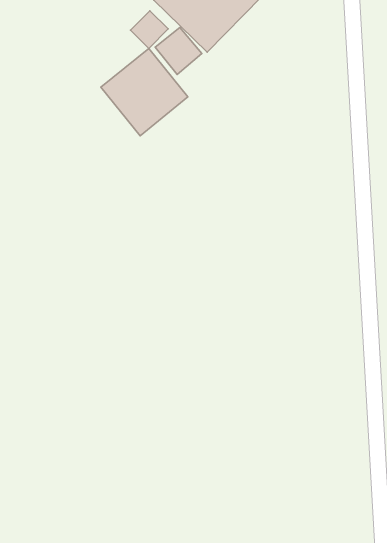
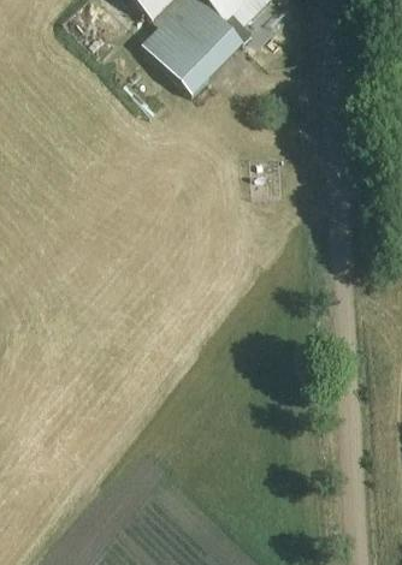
building: [101,48,188,136] -> none

